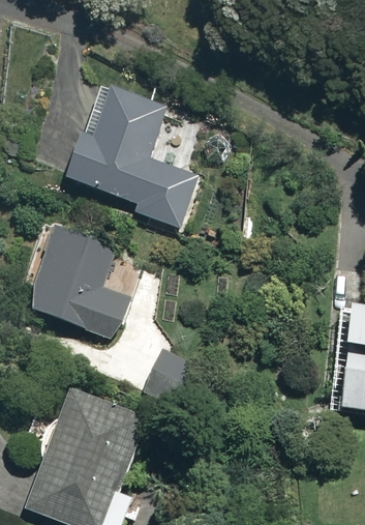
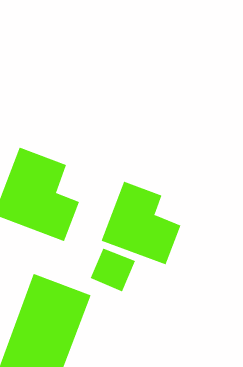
building: [68,84,201,230] -> none
building: none -> [101,181,181,265]

